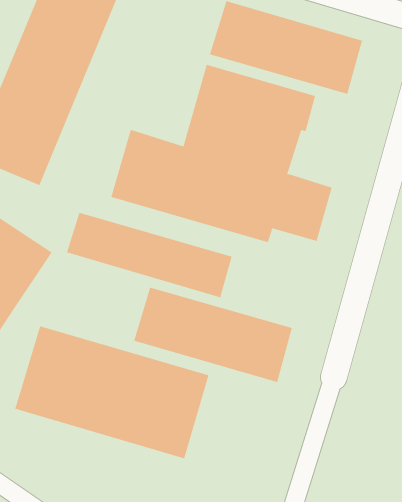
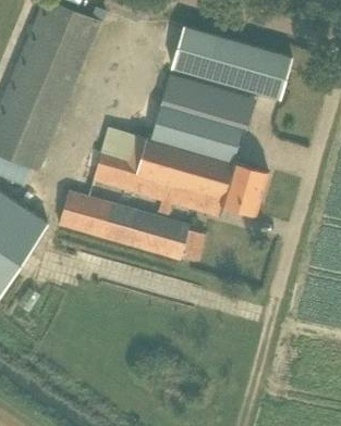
building: [134,287,292,383] -> none
building: [14,326,209,459] -> none

